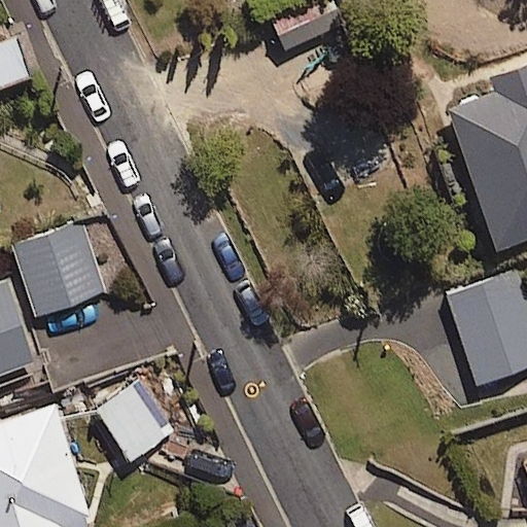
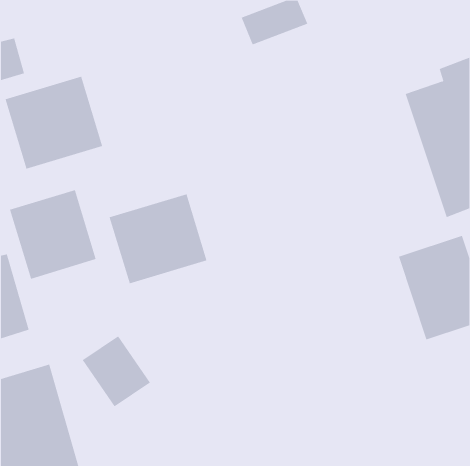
building: none -> [5,76,103,170]
building: none -> [109,194,207,284]

